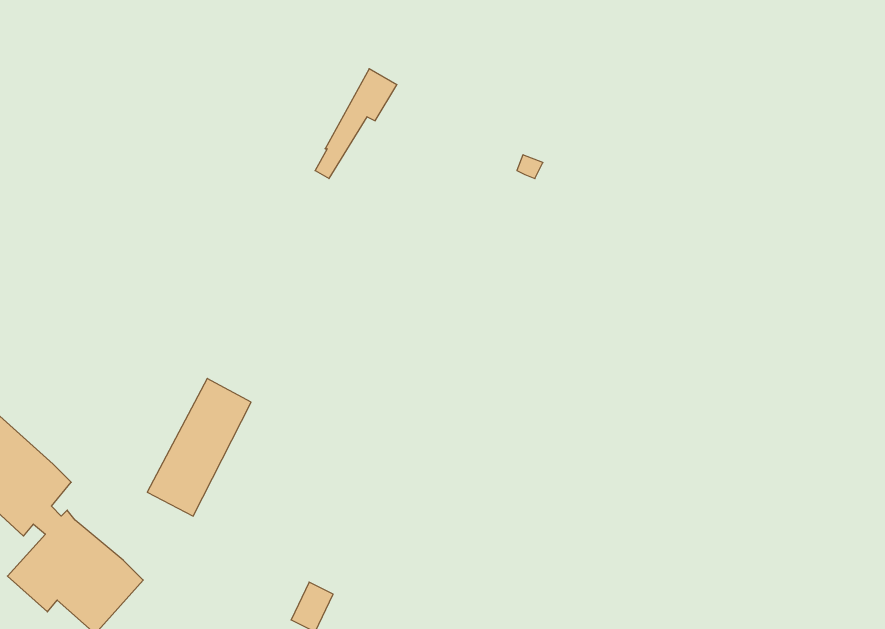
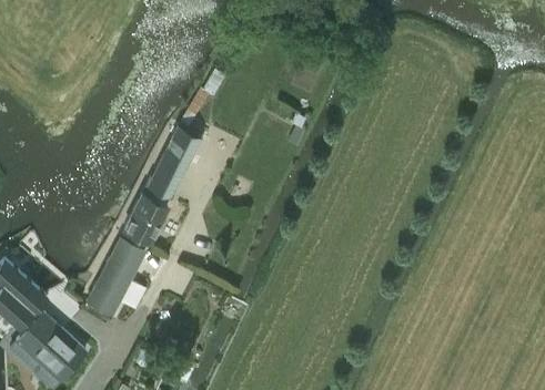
building: none -> [122,129,200,245]

